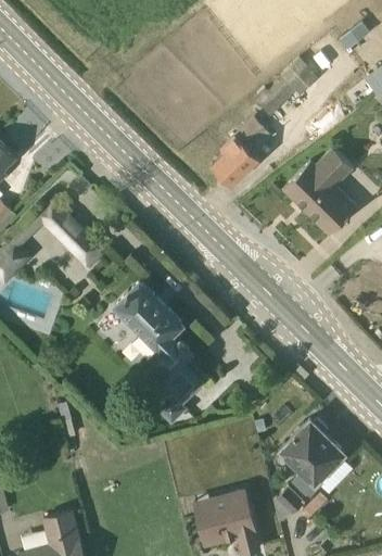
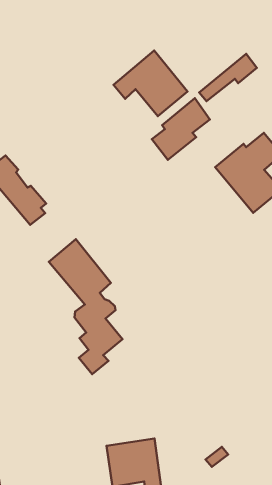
building: none -> [114,51,188,116]
building: [275,419,353,522] -> none

